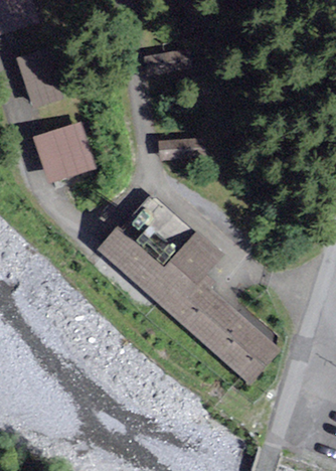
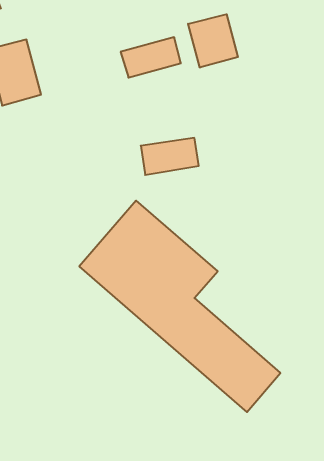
building: none -> [188,14,238,68]
building: [32,122,92,184] -> none

